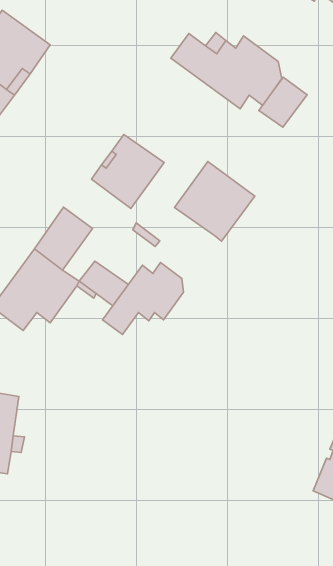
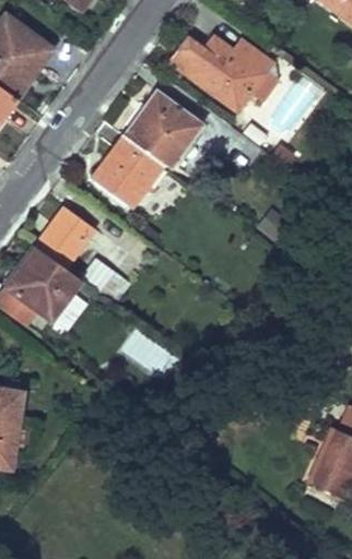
building: [259,77,307,127] -> none
building: [174,162,255,241] -> [124,91,202,168]
building: [103,263,183,335] -> none

